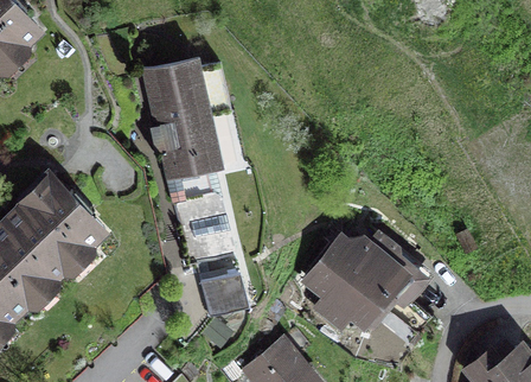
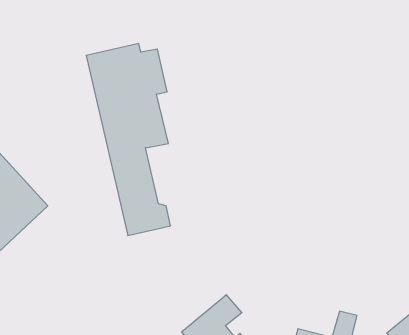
building: [308,235,429,345] -> none
building: [199,273,250,318] -> none

